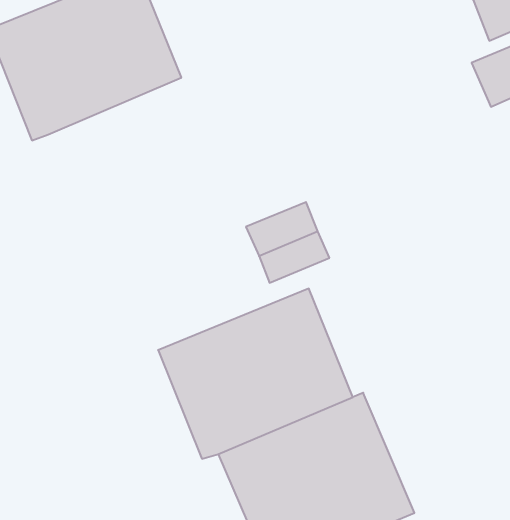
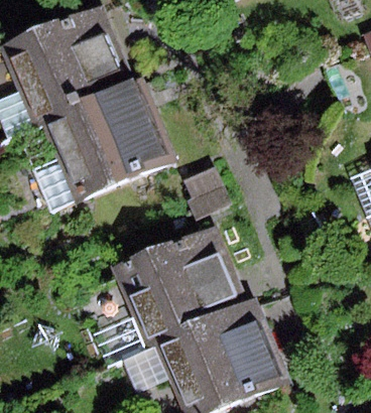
building: none -> [37,79,171,202]

